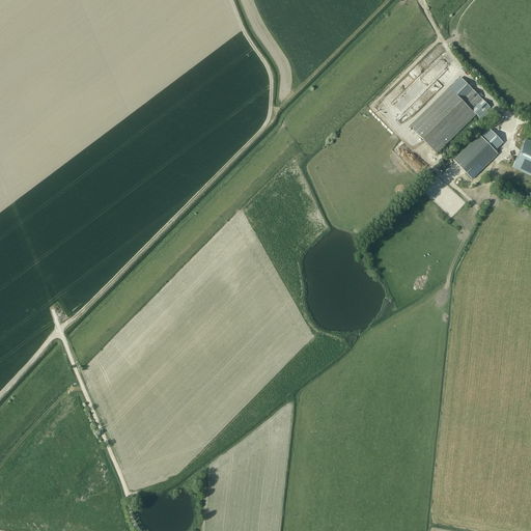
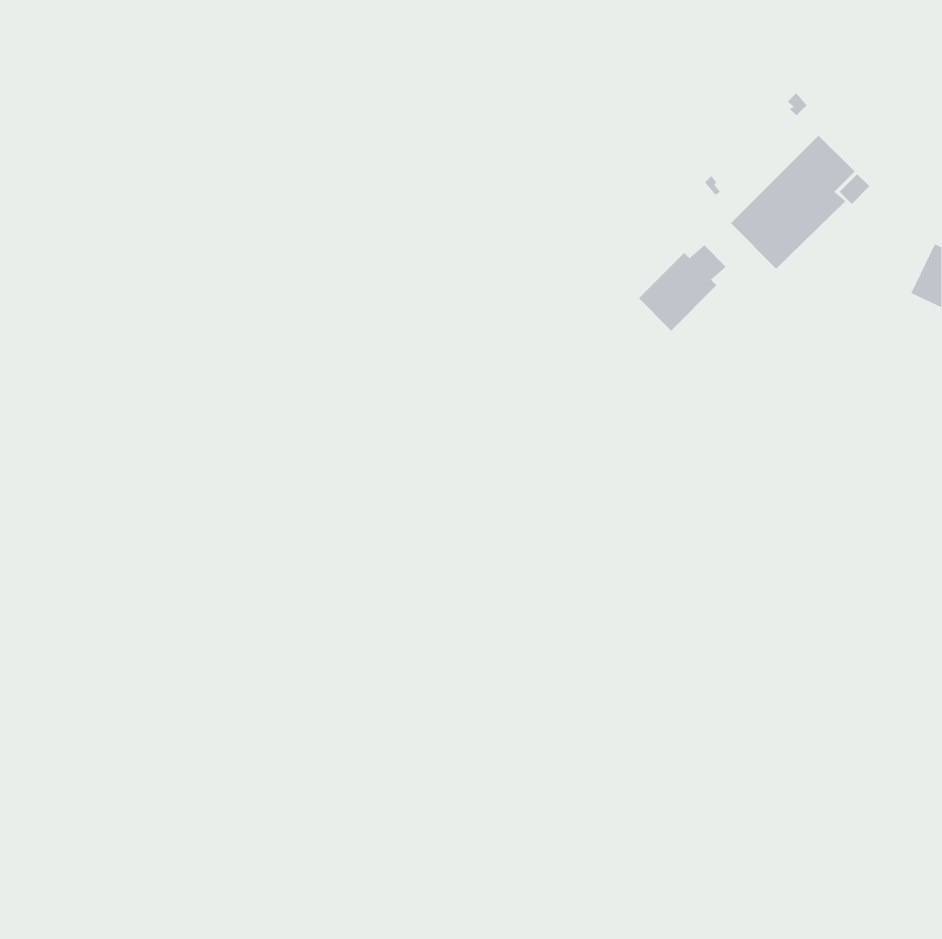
building: [453,129,503,177] -> [638,245,727,331]

